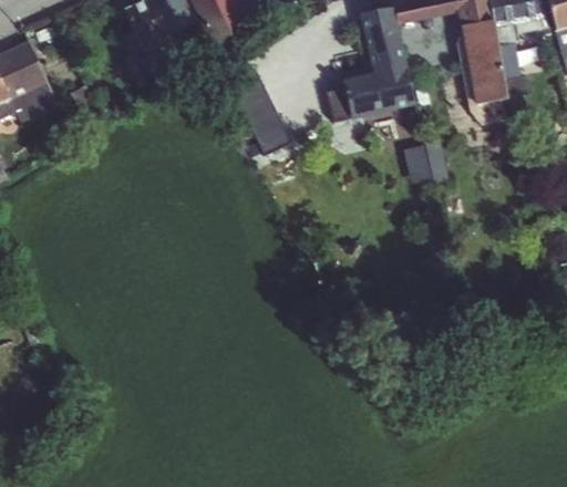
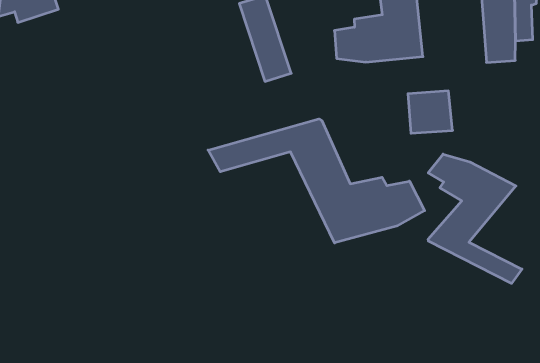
building: none -> [208,119,425,243]
building: none -> [428,154,522,283]

